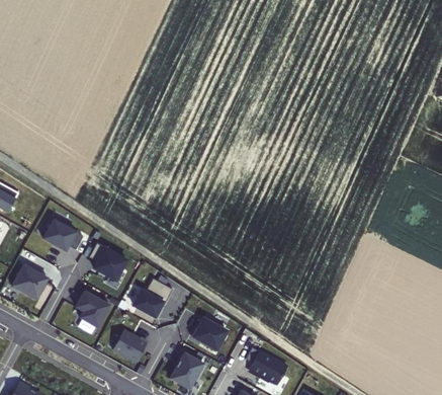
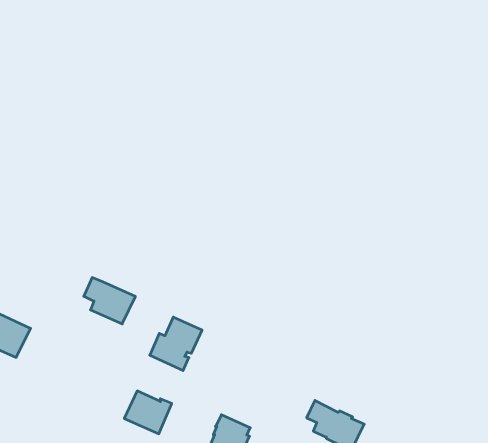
building: [42,220,83,251] -> none
building: [75,291,109,327] -> none
building: [189,318,226,351] -> none

